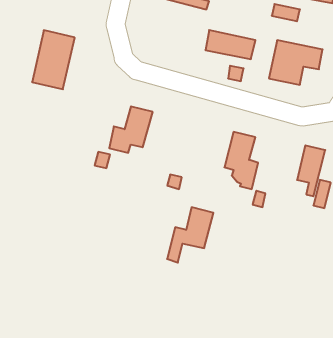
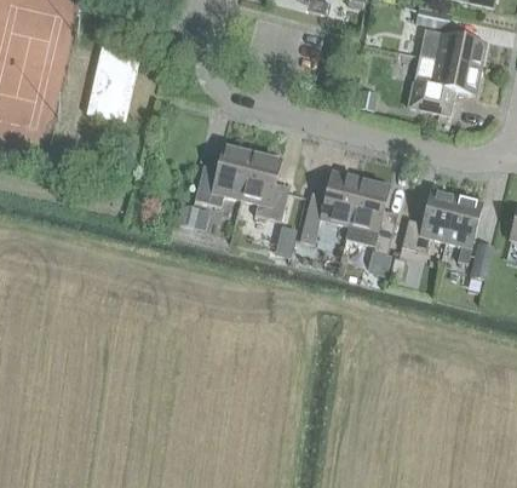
building: [205,30,255,59] -> [420,29,487,68]
building: none -> [241,151,287,220]
building: none -> [403,190,458,253]
building: [167,207,213,263] -> [300,171,362,245]

